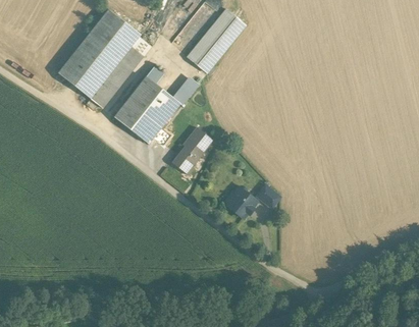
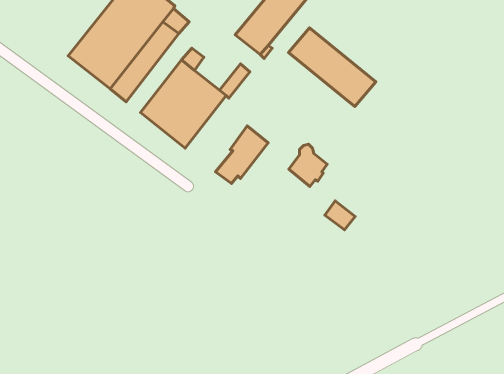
building: none -> [288,28,376,106]
building: [226,185,256,218] -> [289,144,327,186]

